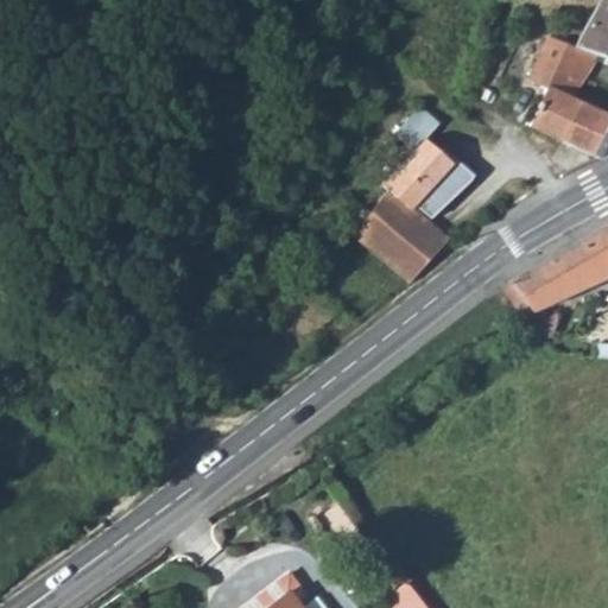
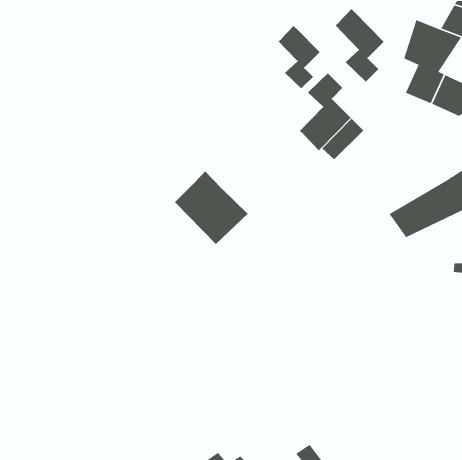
building: none -> [334,8,384,82]
building: none -> [277,25,320,89]
building: [357,179,455,277] -> [174,170,249,245]

